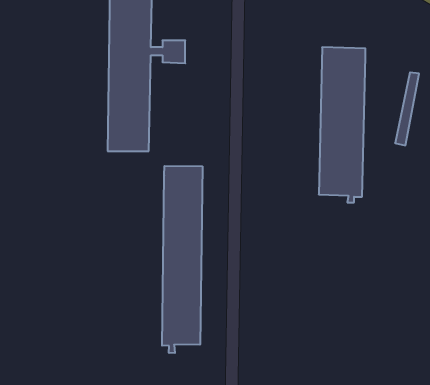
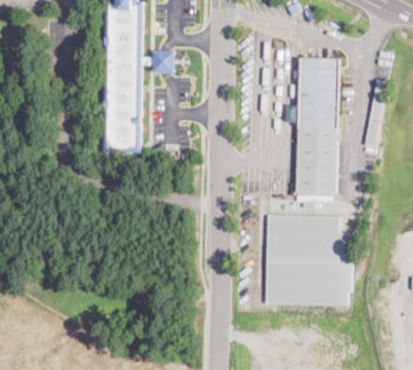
building: [162,166,202,353] -> none
building: none -> [267,215,356,306]

